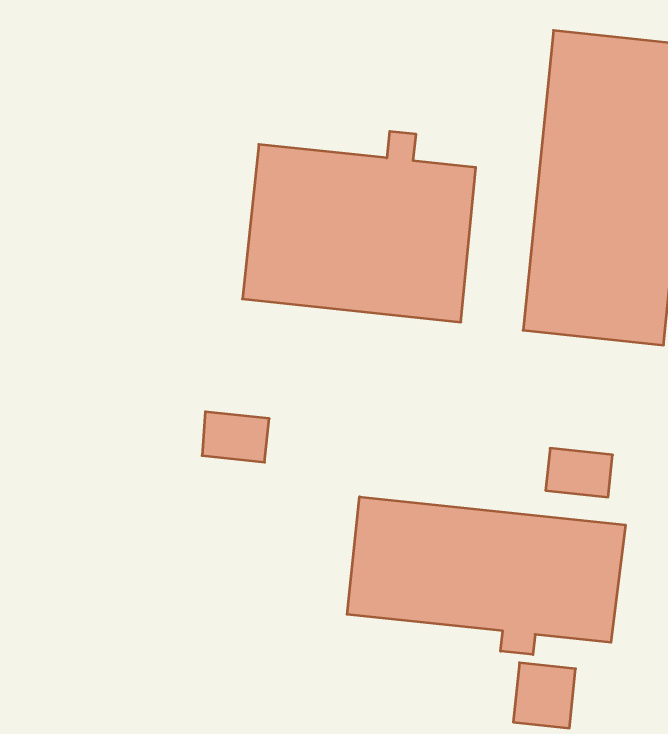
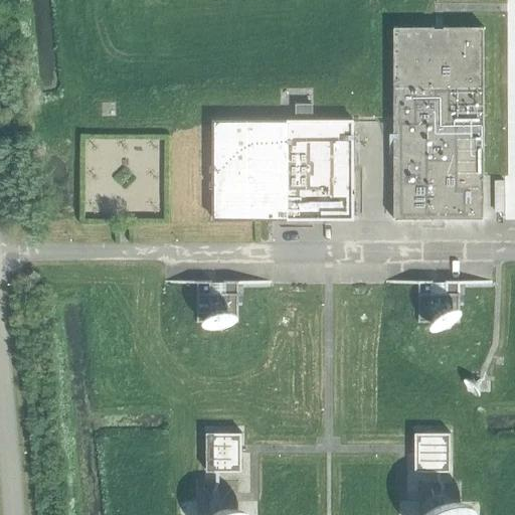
building: [347,497,625,655] -> none
building: none -> [205,433,241,471]

